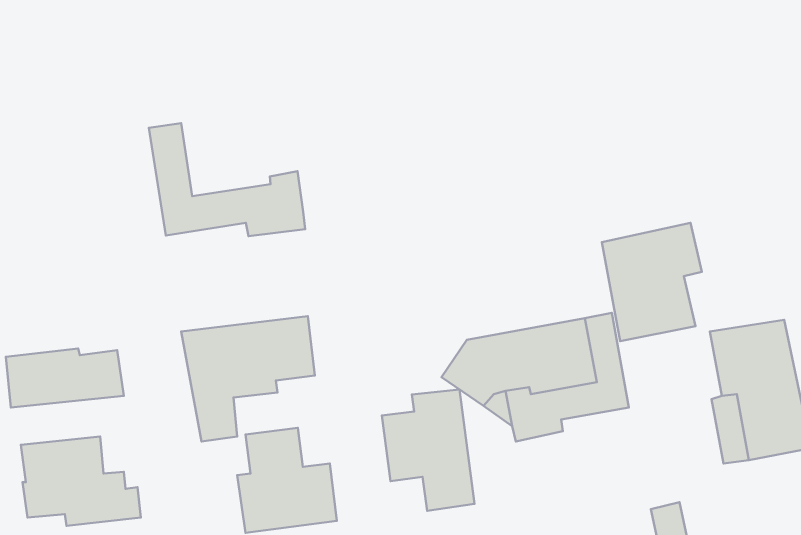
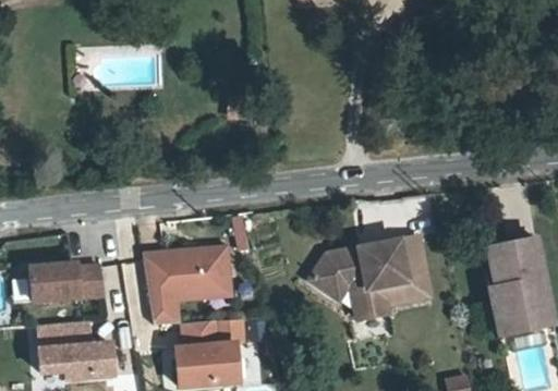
building: [149,123,305,236] -> none
building: [602,223,702,341] -> none
building: [382,390,474,511] -> none

